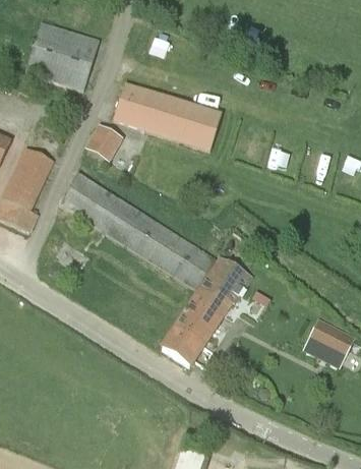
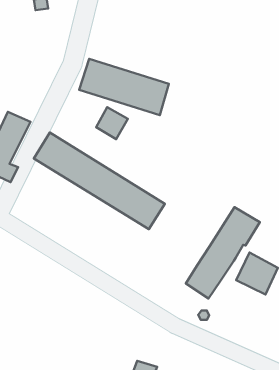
building: [25,21,100,91] -> none
building: [84,124,123,163] -> [96,107,128,139]
building: [162,255,251,366] -> [186,207,260,298]

